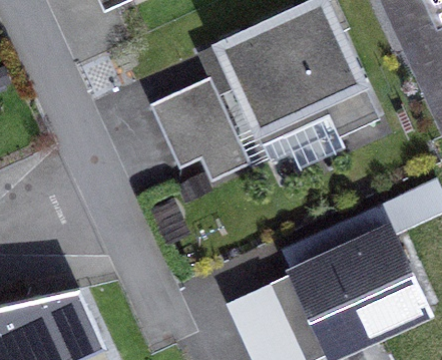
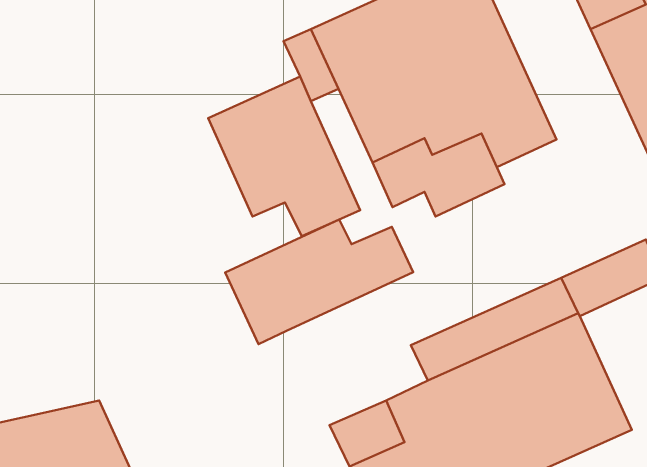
building: none -> [225,220,413,344]

